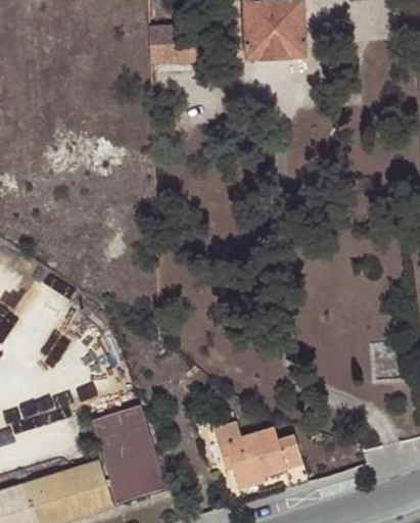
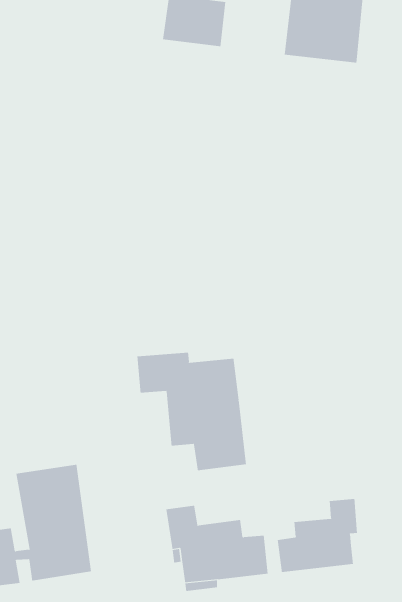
building: none -> [137,352,246,471]
building: none -> [277,498,357,573]

